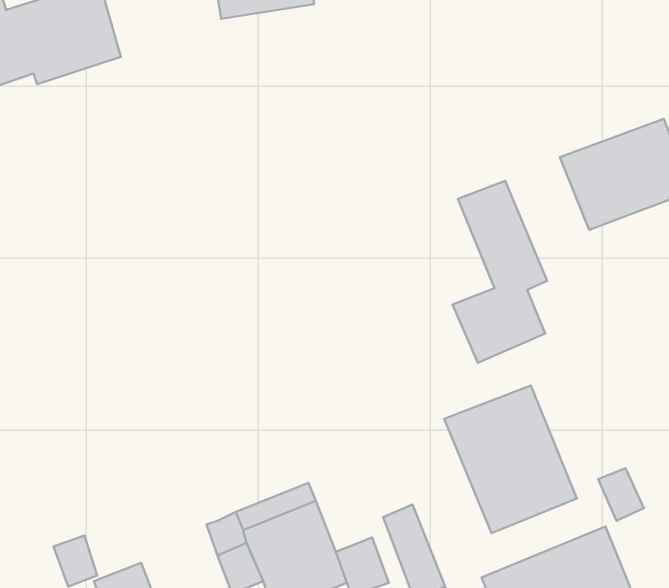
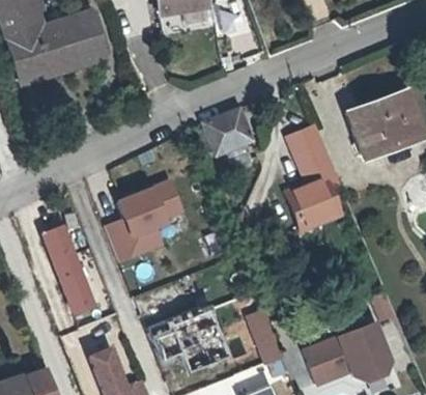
building: none -> [206,108,255,156]
building: none -> [103,176,191,259]
building: none -> [38,223,96,315]
building: [444,386,577,533] -> none

